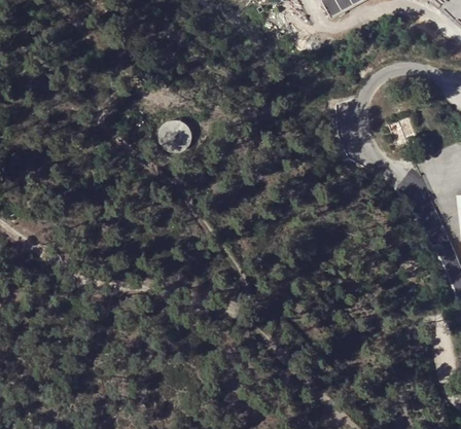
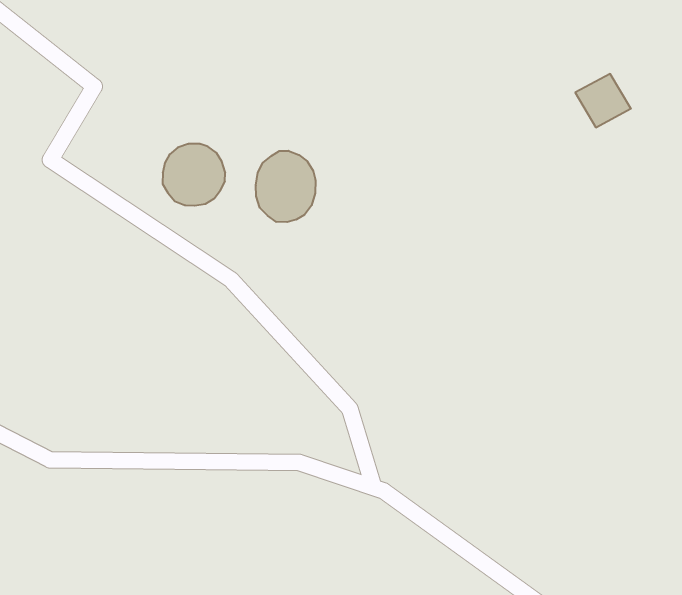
building: none -> [256,151,315,222]

